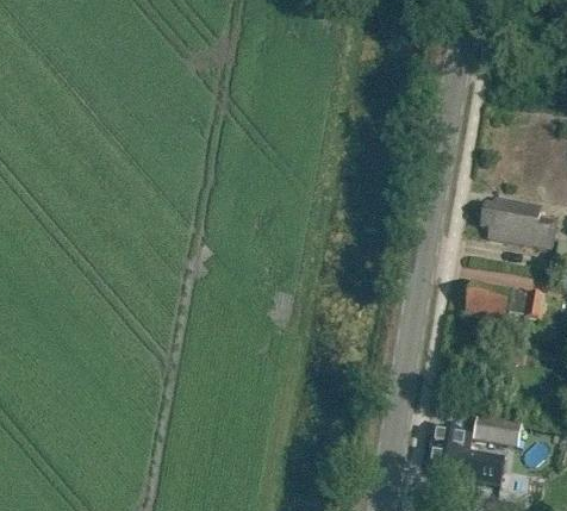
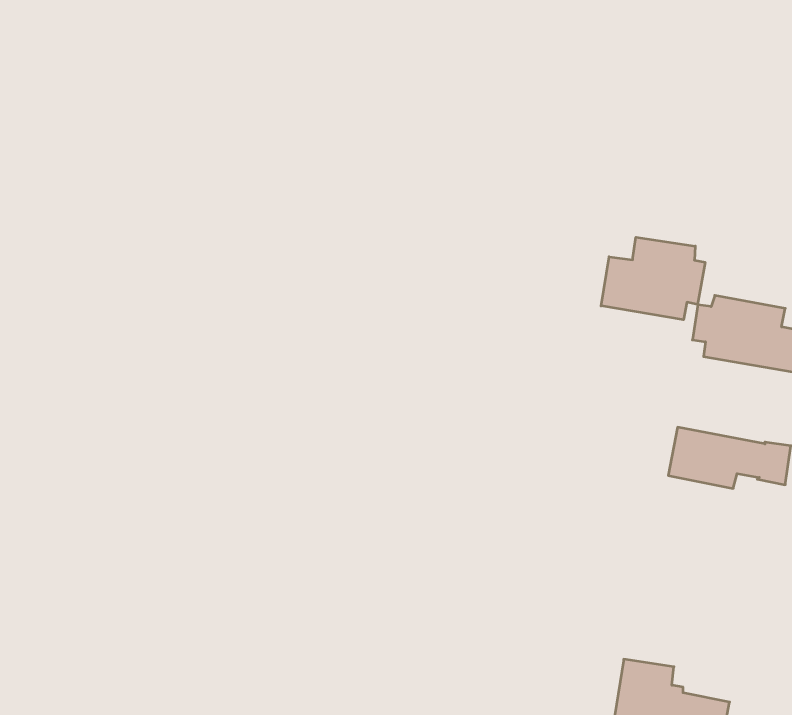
building: none -> [601,237,705,320]
building: [472,416,521,445] -> none

